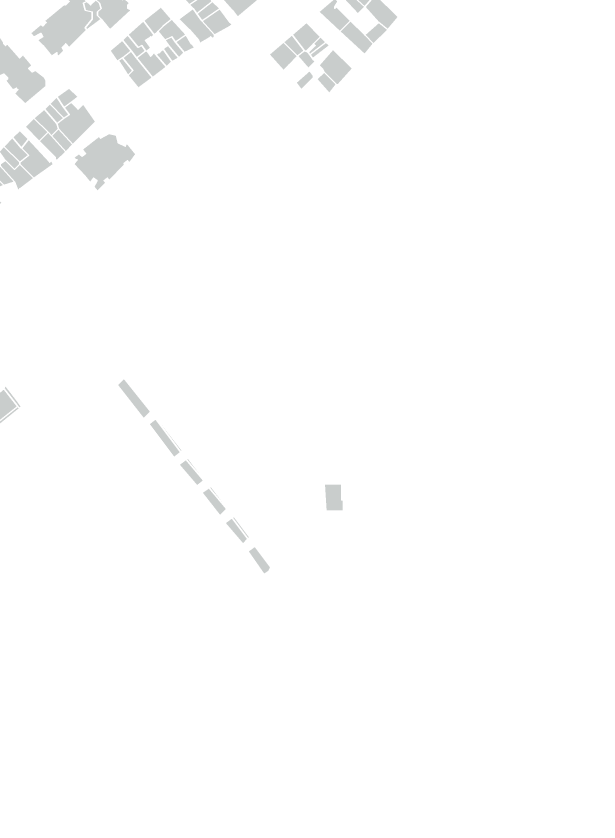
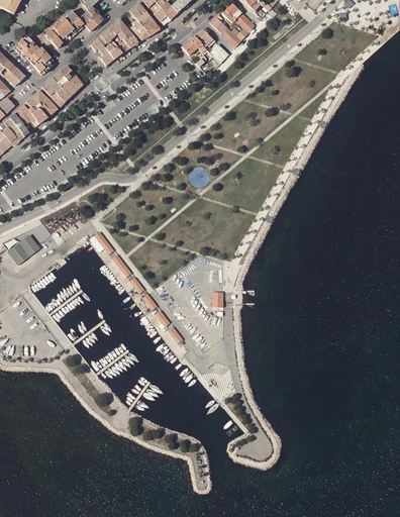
building: [74,133,136,191] -> none

